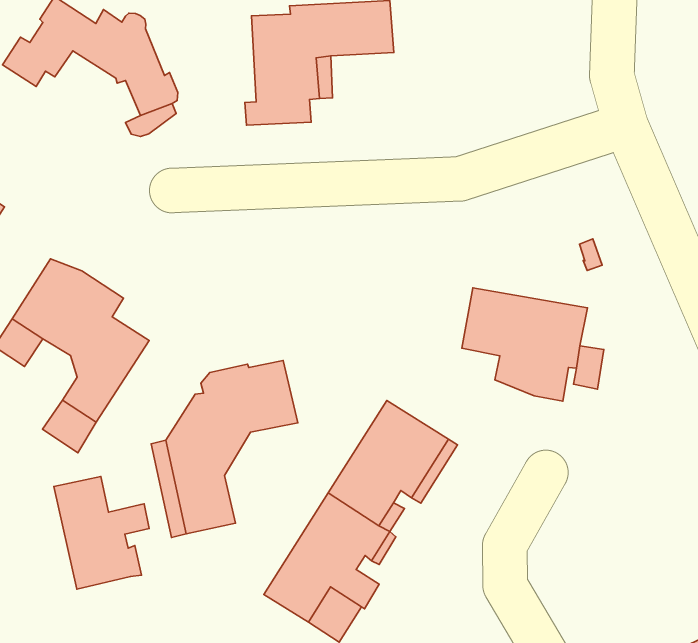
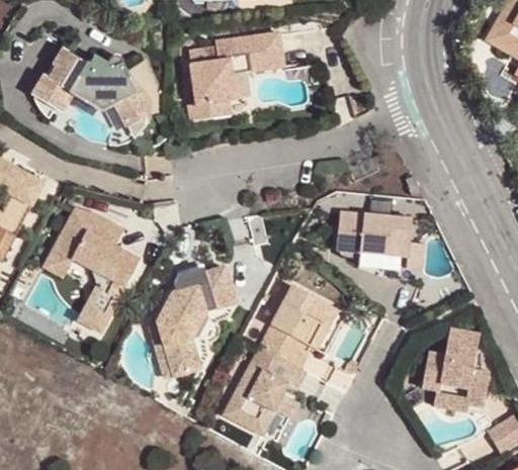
building: [54,476,149,589] -> none
building: none -> [421,342,489,411]

